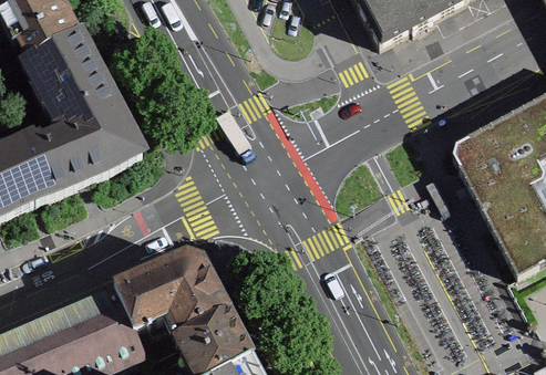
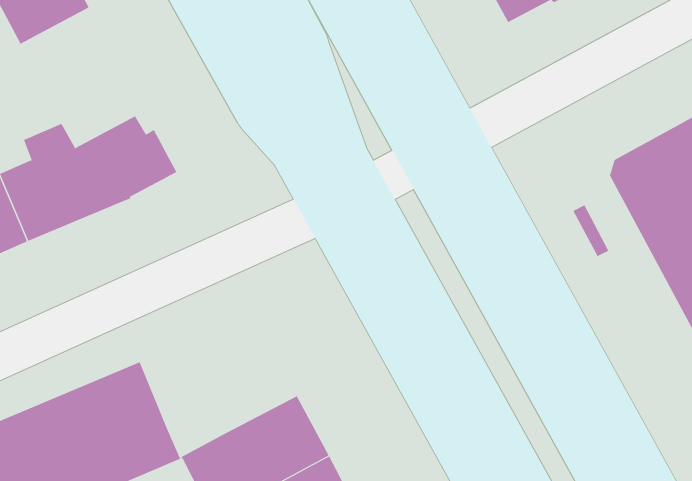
building: [29,31,119,132] -> none
building: [115,254,228,336] -> none

